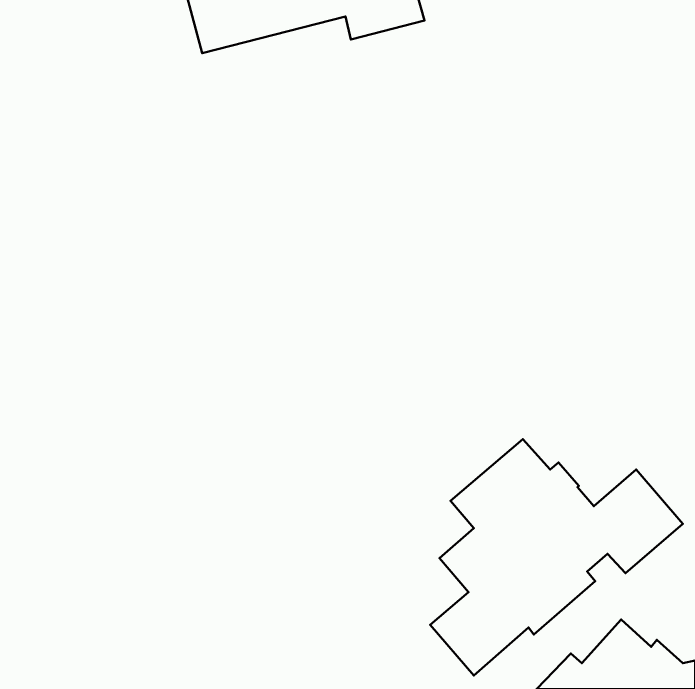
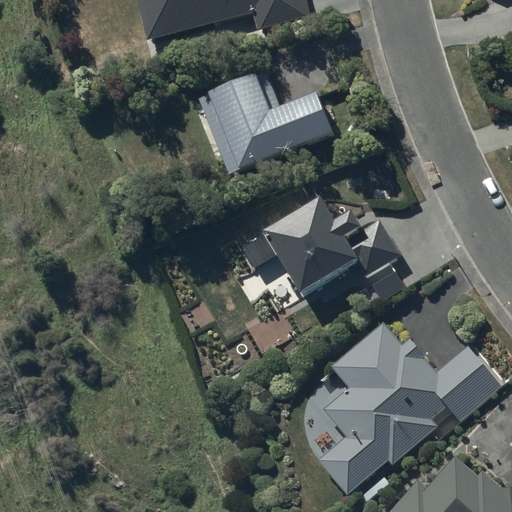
building: none -> [198,77,332,174]
building: none -> [262,198,400,296]

